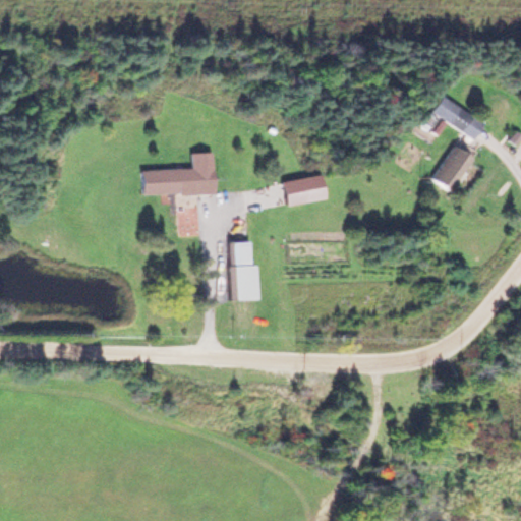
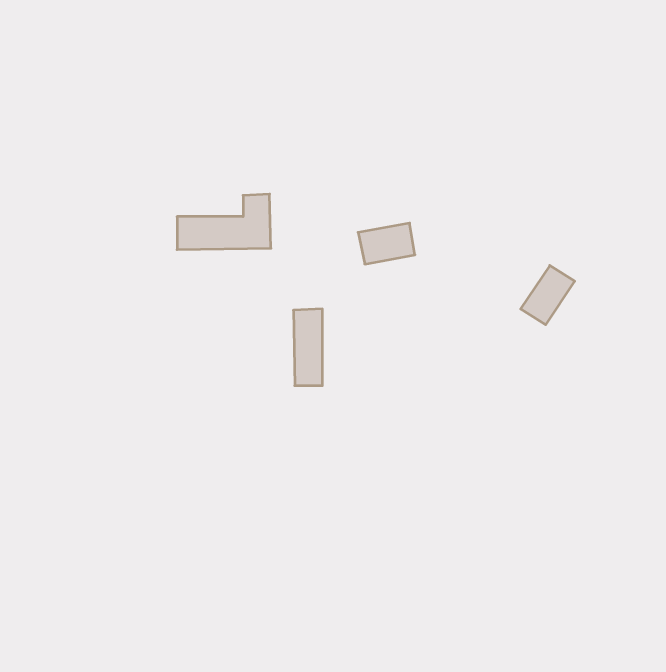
building: [432,96,483,139] -> none
building: [430,146,472,191] -> [521,265,575,325]

